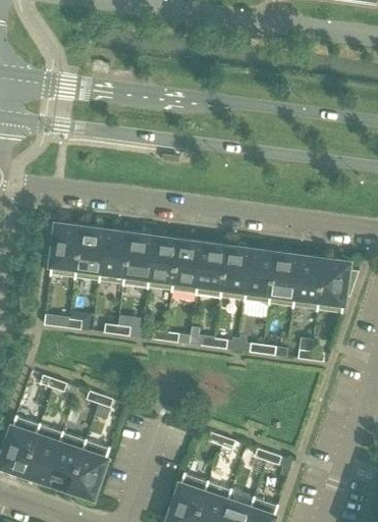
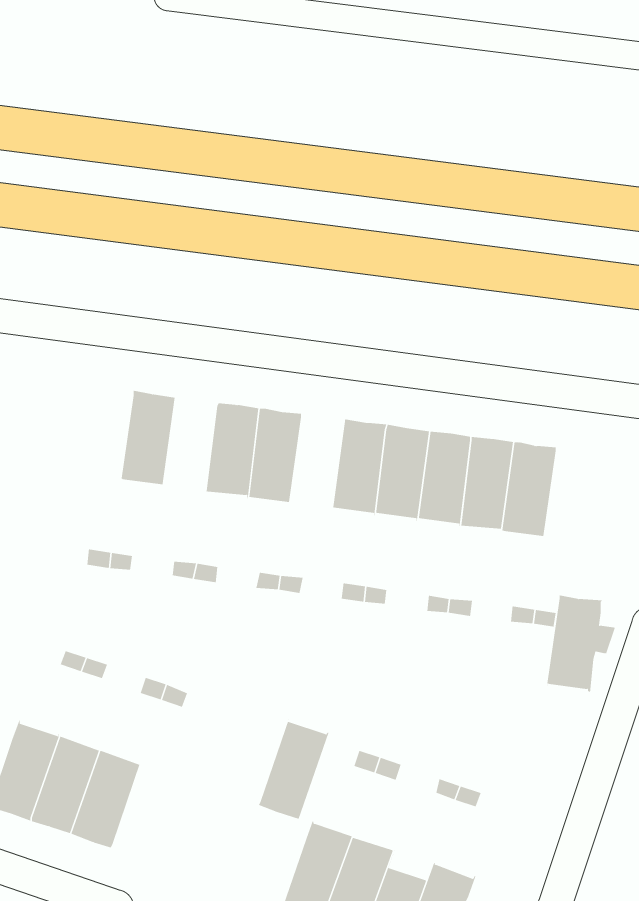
building: [50,222,82,278] -> none
building: [99,229,130,284] -> none
building: [171,239,203,294] -> none
building: [317,258,357,314] -> [546,595,616,693]
building: [69,437,110,495] -> [258,718,329,819]

